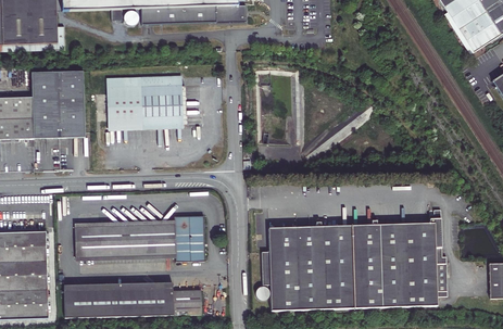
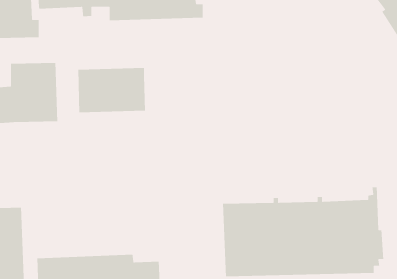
building: [73,216,201,261] -> none

